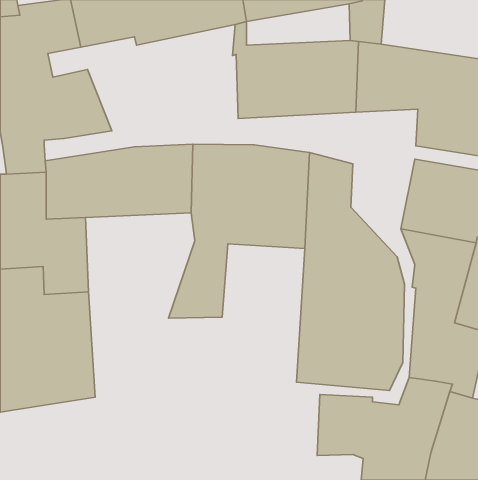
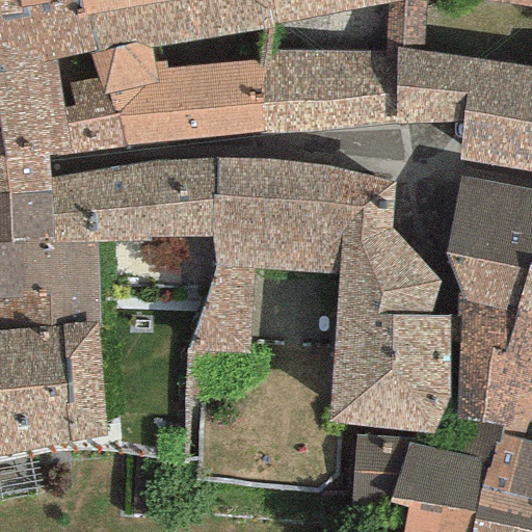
building: none -> [92,41,266,144]

